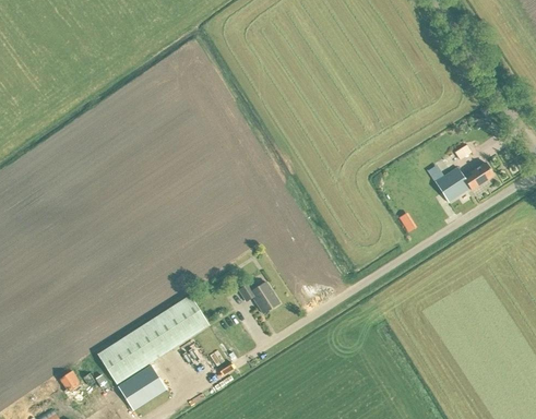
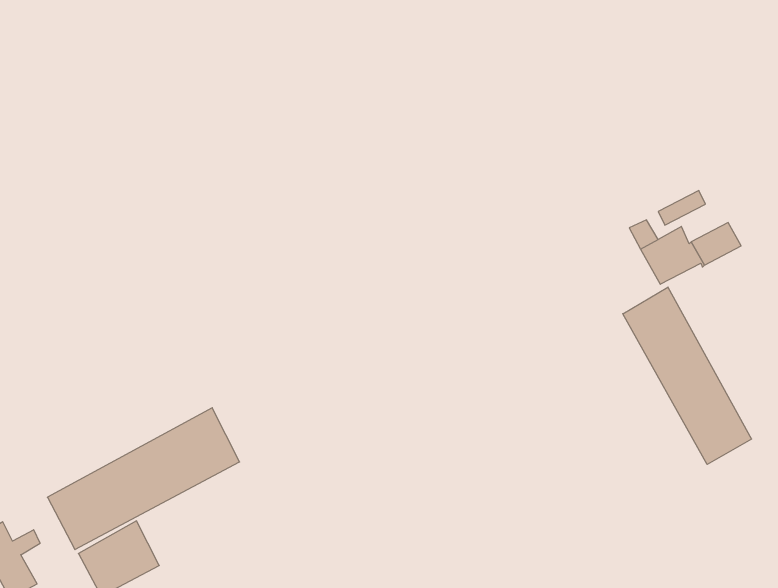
building: none -> [623,287,752,464]
building: [238,282,279,313] -> none

